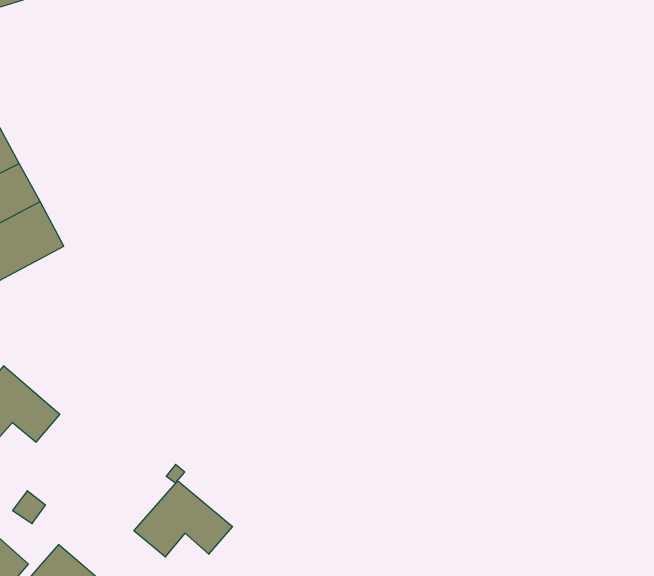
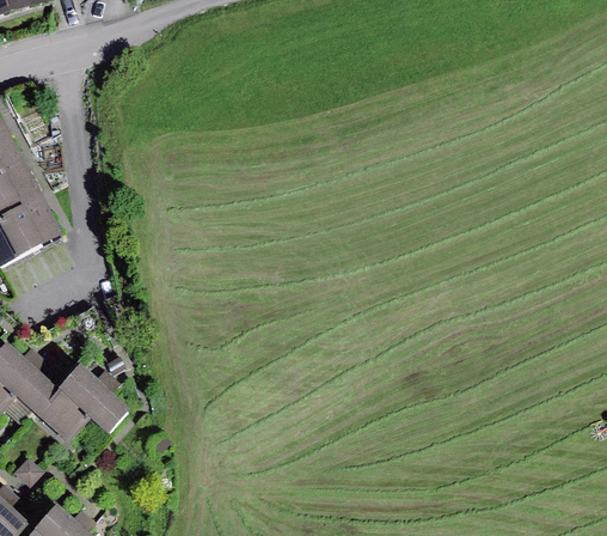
building: [134,481,233,557] -> [41,368,130,438]

